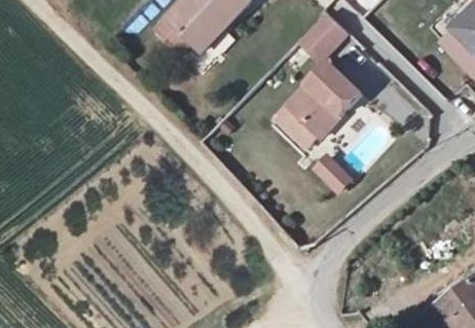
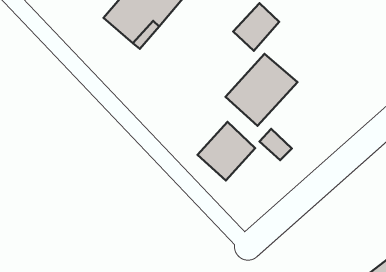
building: none -> [197,122,255,181]

